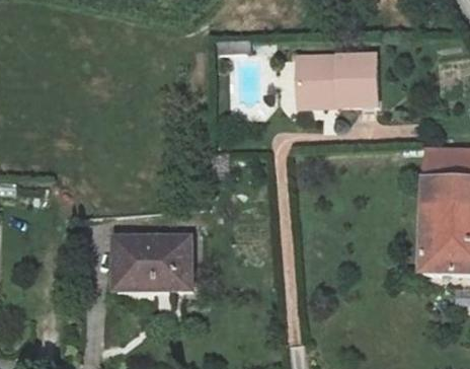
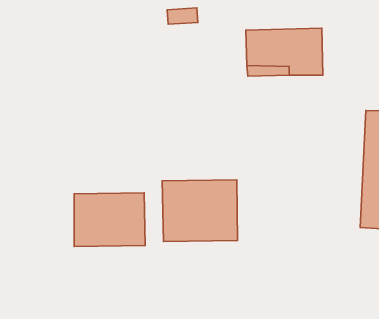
building: none -> [162,180,238,241]

